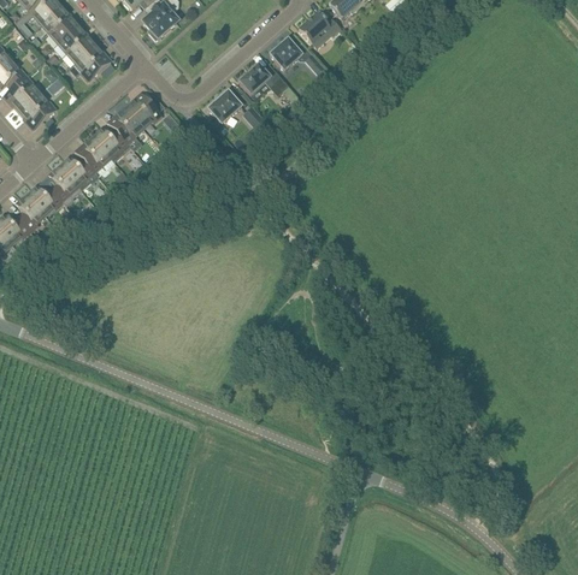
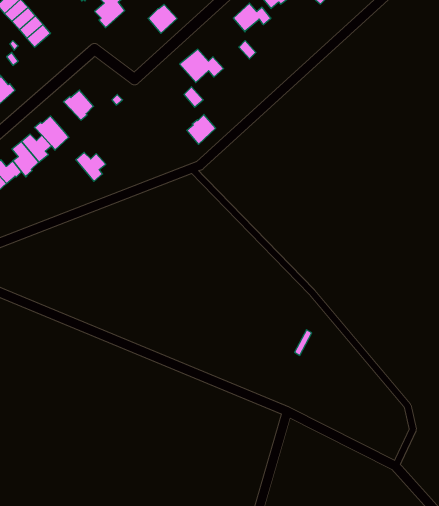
building: [270,37,302,70] -> [148,4,177,33]
building: [76,45,110,78] -> none
building: [208,89,241,123] -> [187,114,216,144]
building: [126,93,160,126] -> none
building: [94,129,128,161] -> [76,152,106,181]

